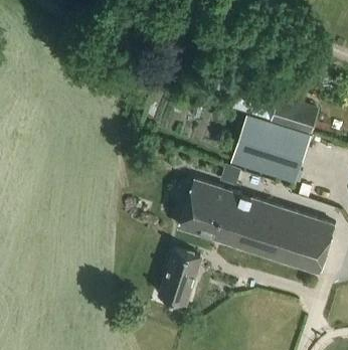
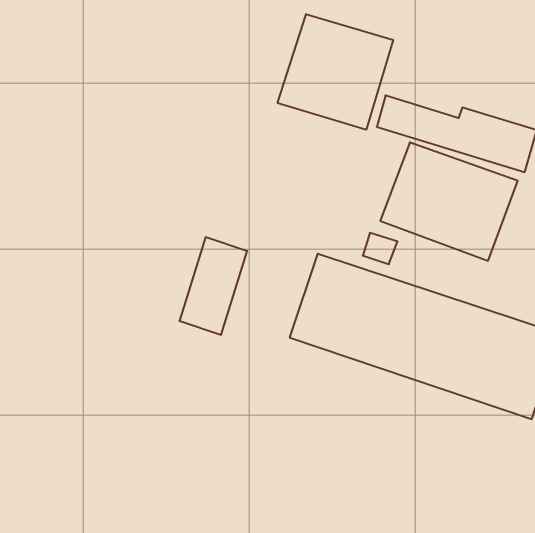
building: none -> [278,14,393,130]
building: [160,249,199,306] -> [179,237,247,335]

